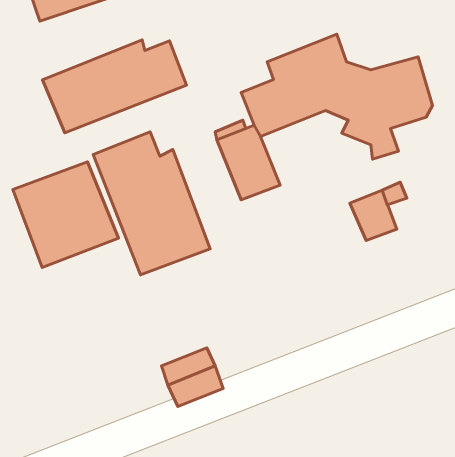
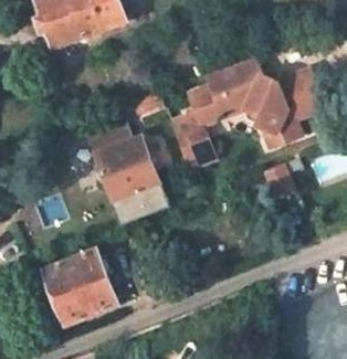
building: [43,40,186,133] -> none
building: [13,162,118,268] -> [44,249,116,320]

